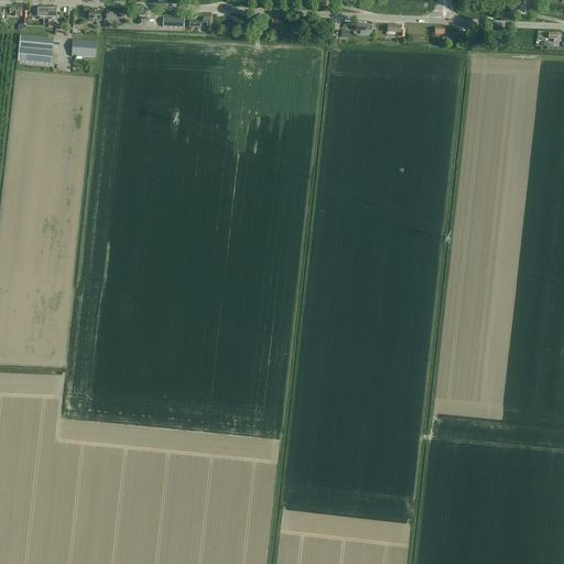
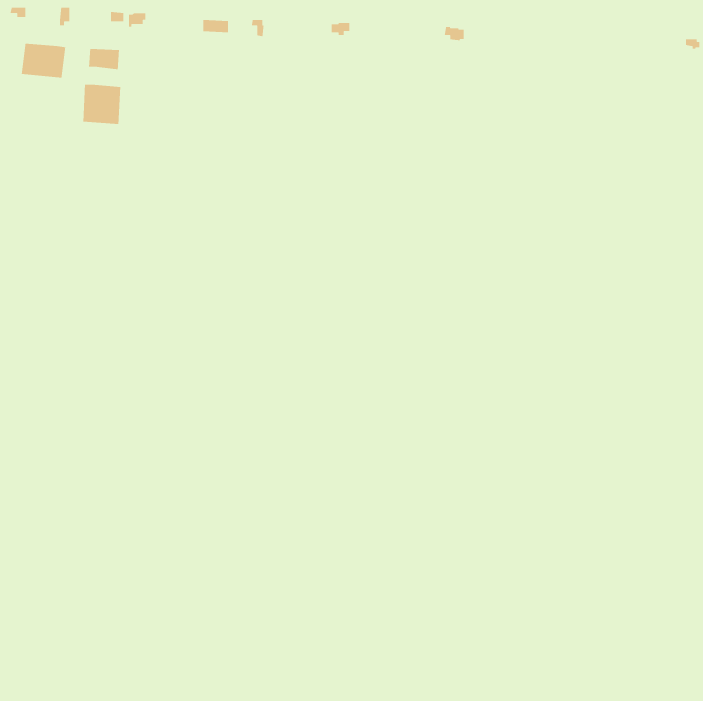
building: none -> [83,84,121,125]

